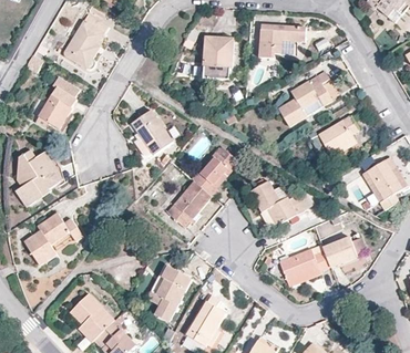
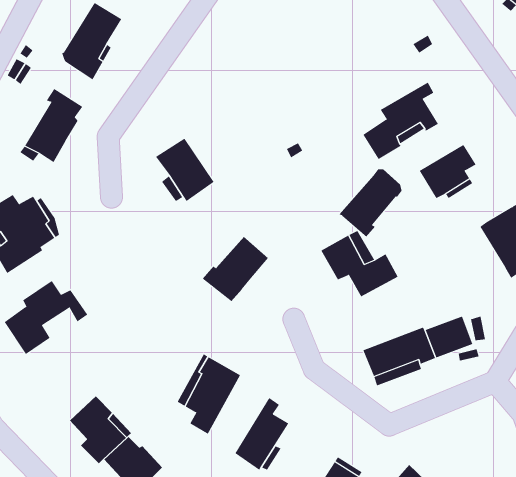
building: [259,24,306,58] -> none
building: [204,37,230,80] -> none
building: [192,147,237,196] -> [338,169,402,238]

